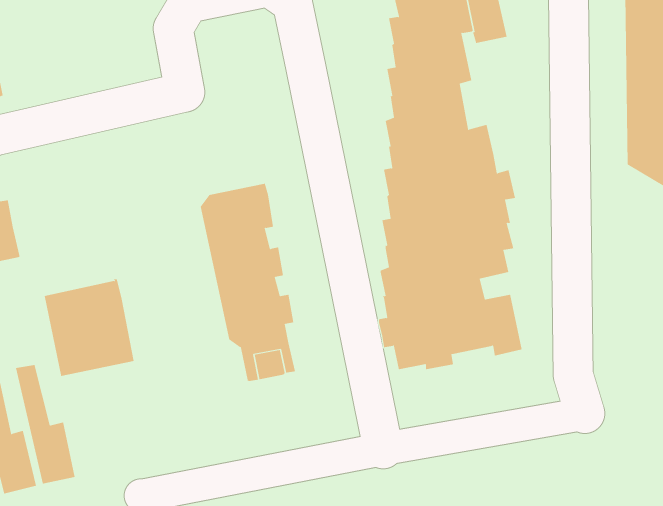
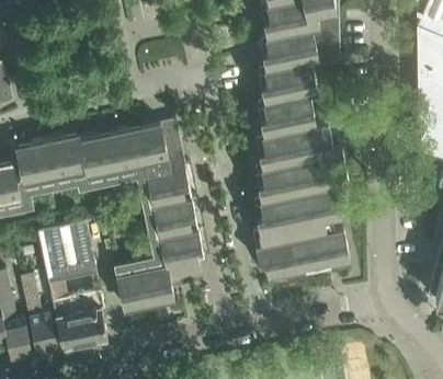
building: none -> [16,120,182,205]
building: none -> [115,259,174,309]
building: none -> [48,280,107,347]

